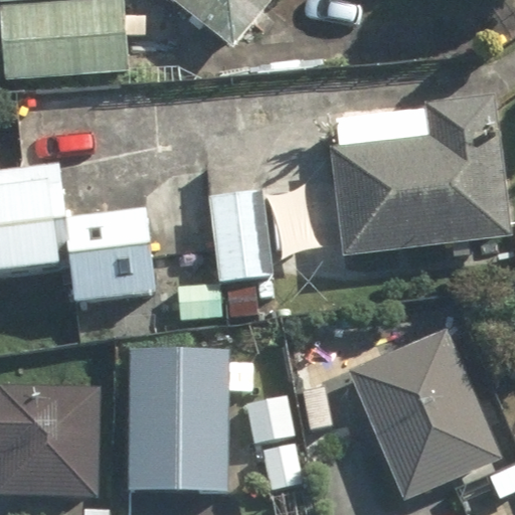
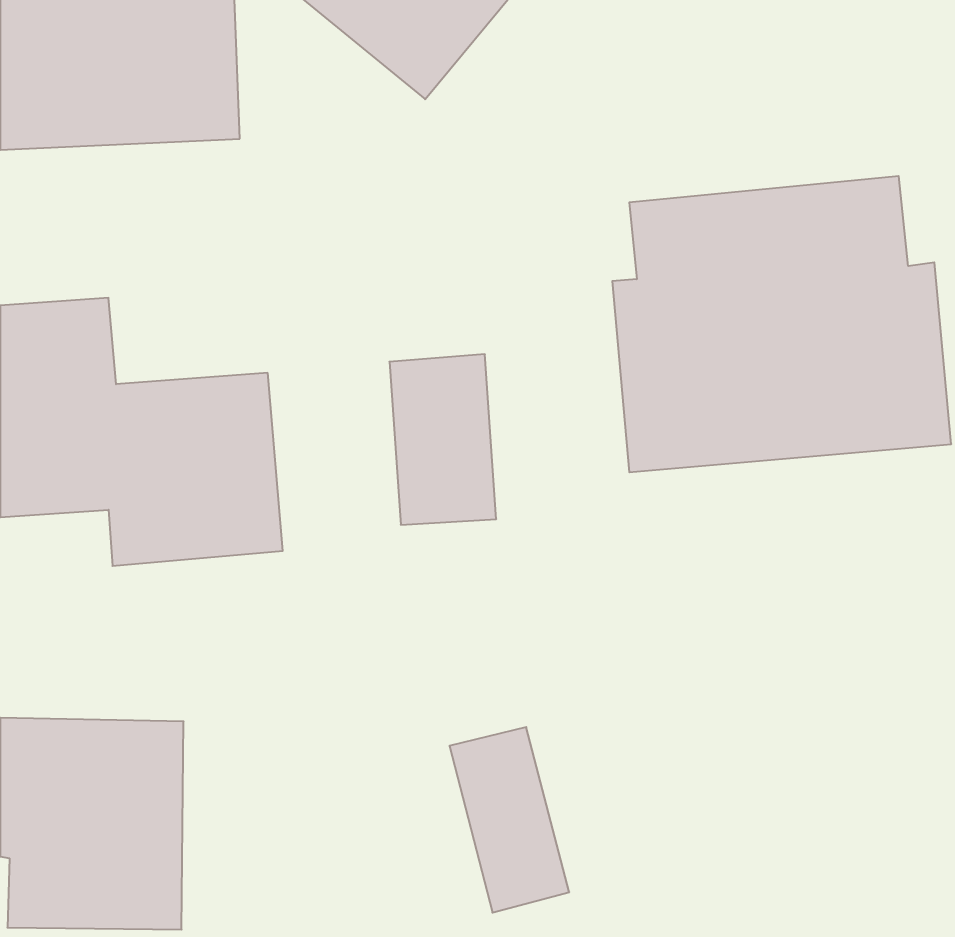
building: [346,318,507,495] -> none
building: [124,346,250,492] -> none

